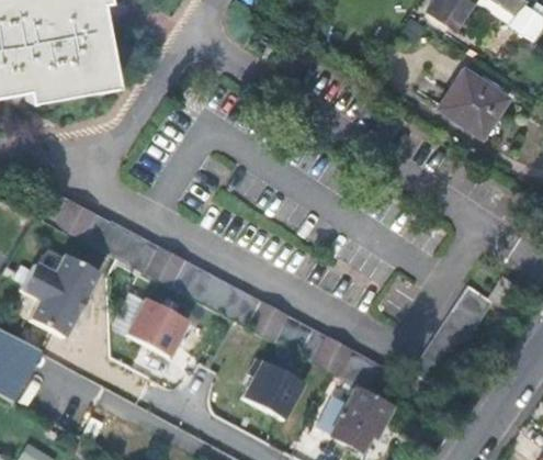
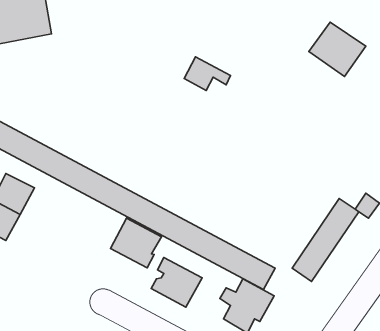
building: none -> [184,57,230,91]
building: [126,299,189,360] -> [111,218,161,268]

